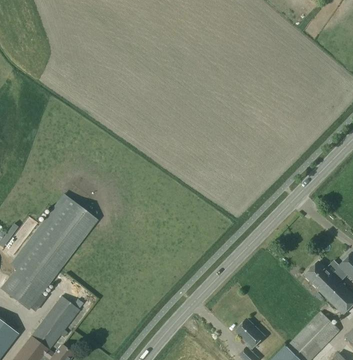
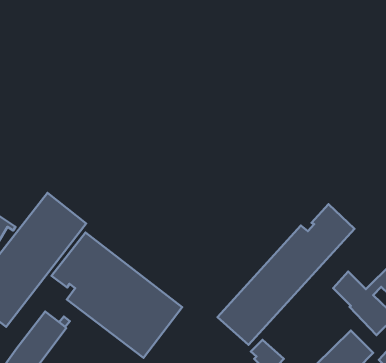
building: none -> [217,204,355,345]
building: none -> [51,232,182,358]

